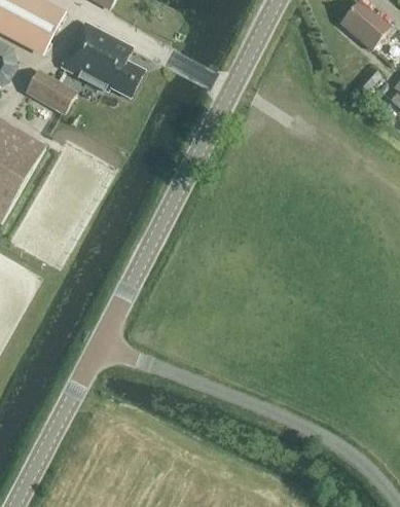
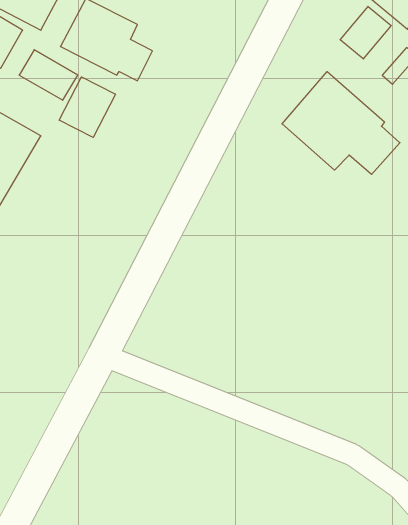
building: none -> [340,6,391,59]
building: none -> [282,72,400,174]
building: none -> [59,77,115,137]

